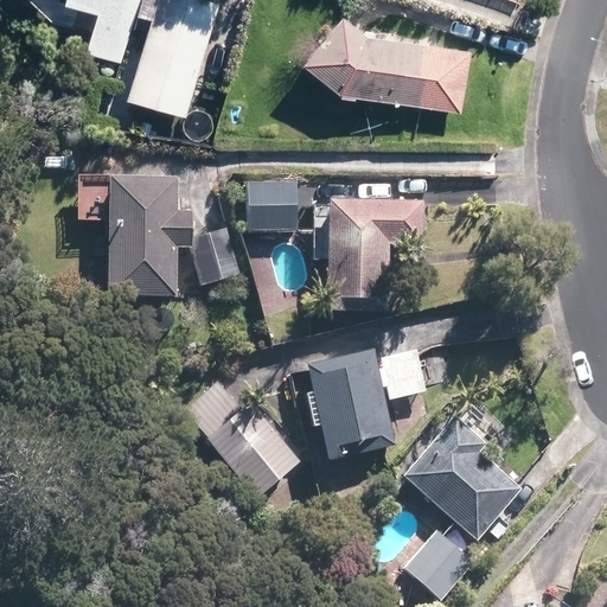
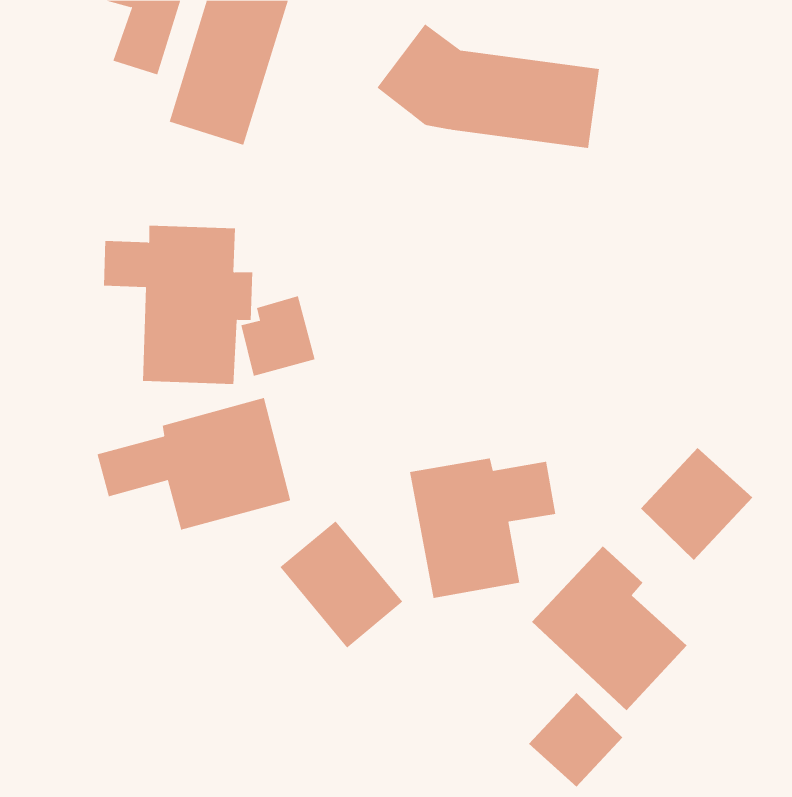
building: [248,179,298,235] -> none
building: [312,184,423,296] -> none
building: none -> [97,397,291,531]
building: none -> [640,447,753,561]

